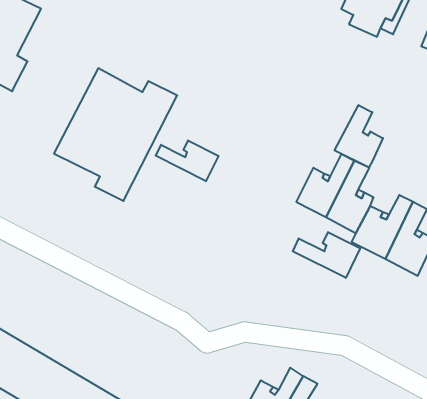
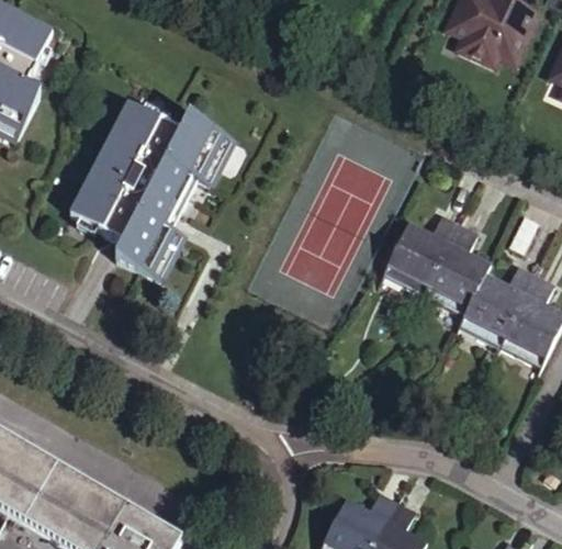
building: [335,105,383,168] -> none
building: [156,140,218,181] -> none
building: [293,232,360,278] -> none

